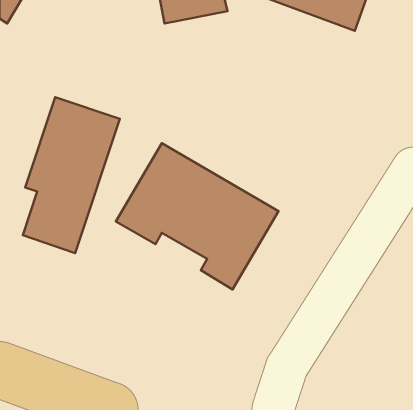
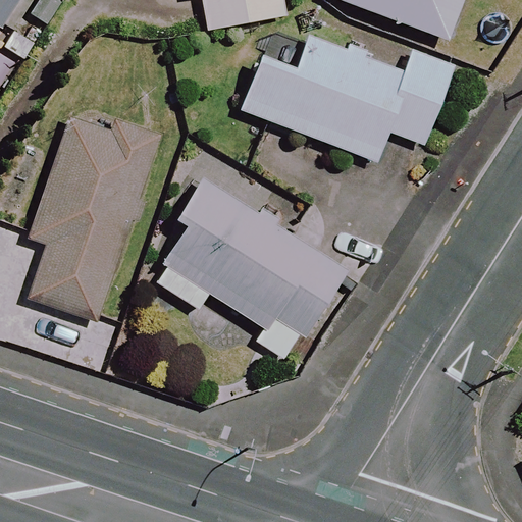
building: none -> [239,34,455,161]

